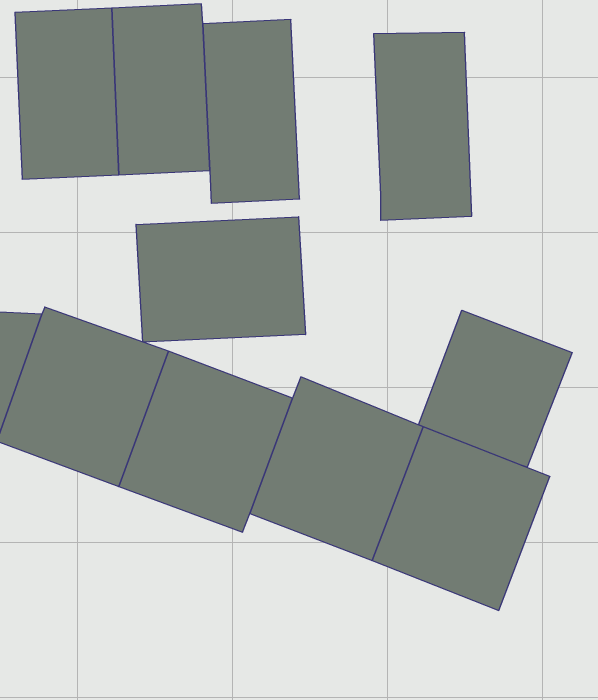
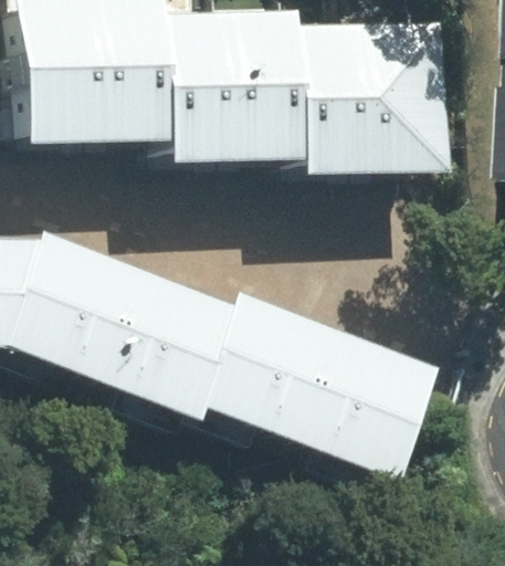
building: none -> [238,14,307,156]
building: none -> [372,23,446,169]
building: [136,217,305,342] -> none
building: [419,310,572,467] -> none

